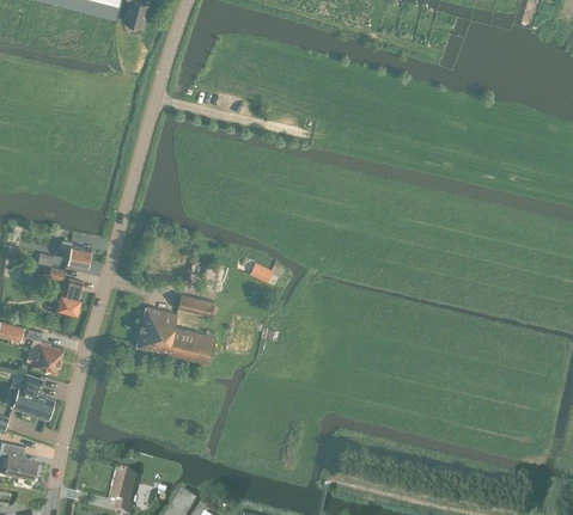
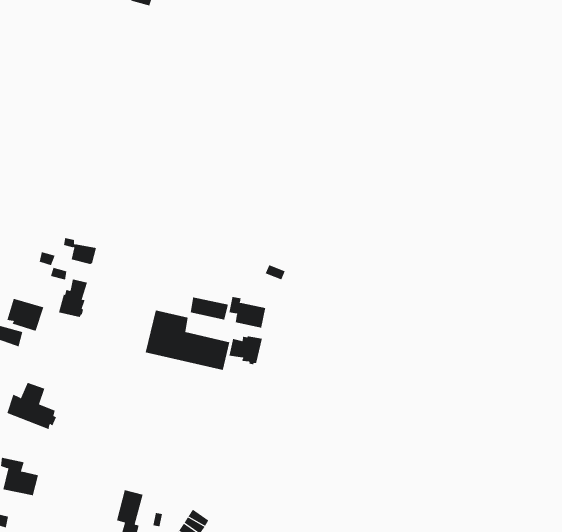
building: none -> [229,296,266,328]
building: none -> [229,335,262,365]
building: [29,341,63,372] -> [7,298,44,332]

